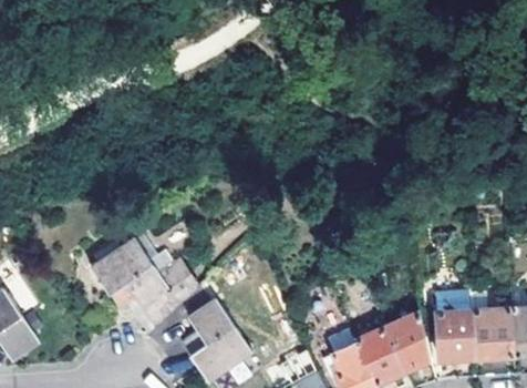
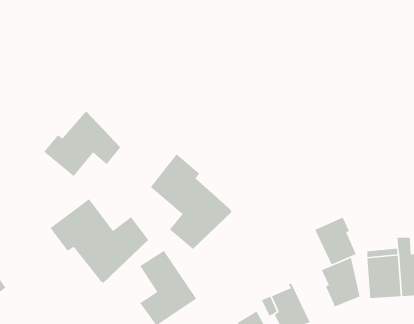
building: none -> [43,111,121,177]
building: none -> [150,153,232,250]
building: [356,324,404,378] -> [314,217,357,265]

